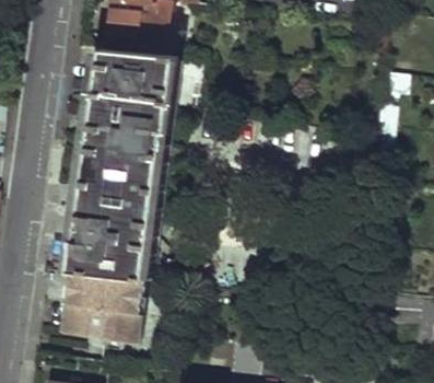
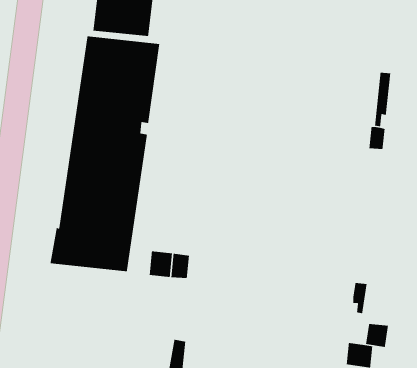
building: [60,270,149,343] -> none

